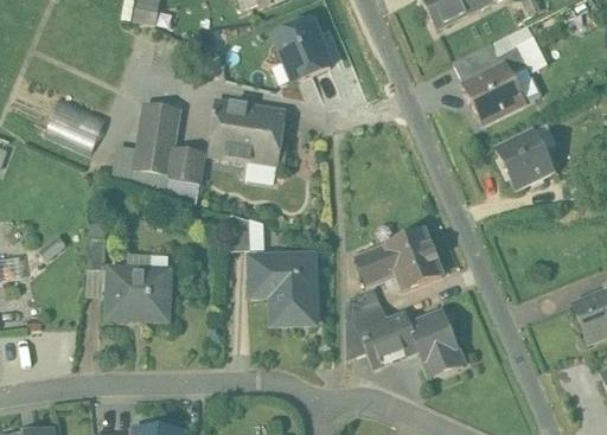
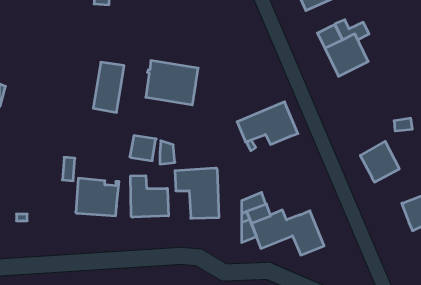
building: [276,20,331,81] -> none
building: [46,96,107,148] -> none
building: [498,133,554,191] -> [360,141,399,182]
building: [167,146,205,181] -> [130,136,156,161]
building: [356,228,442,288] -> [237,102,298,144]
building: none -> [131,176,168,217]

